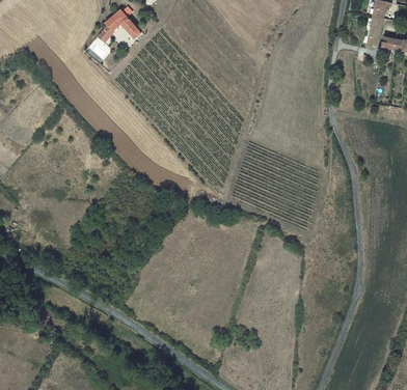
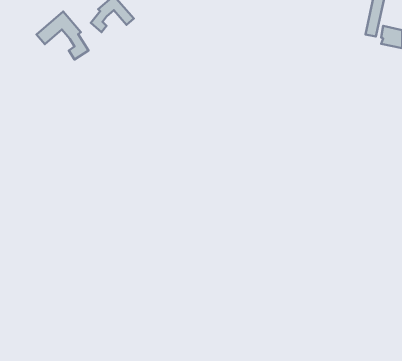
building: none -> [37,12,88,59]

